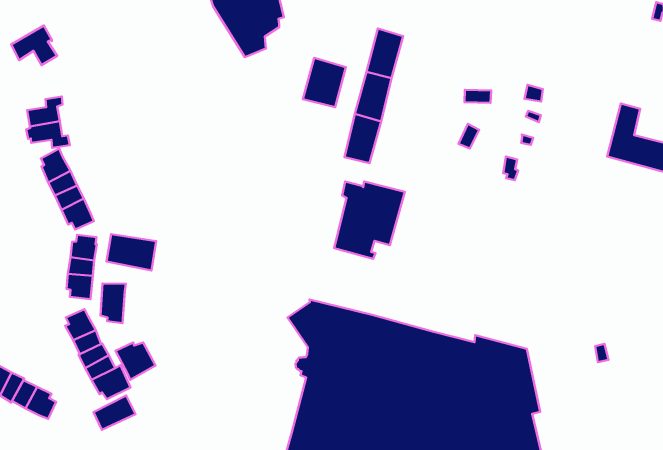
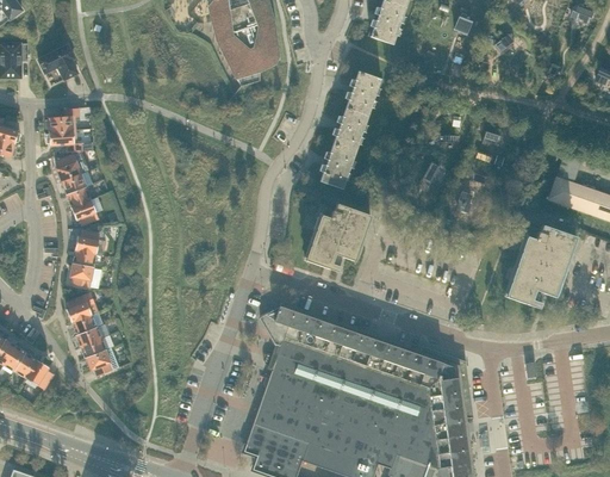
building: [303,58,346,107] -> none
building: none -> [505,224,575,309]
building: [106,234,156,270] -> none
building: [100,283,126,323] -> none
building: [115,342,156,380] -> none
building: [93,396,136,430] -> none

